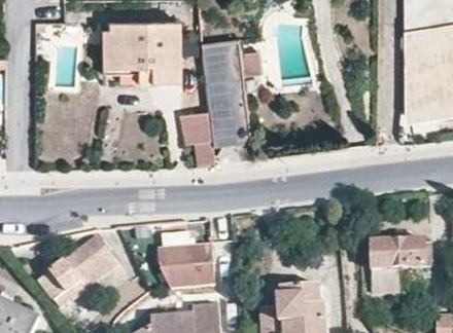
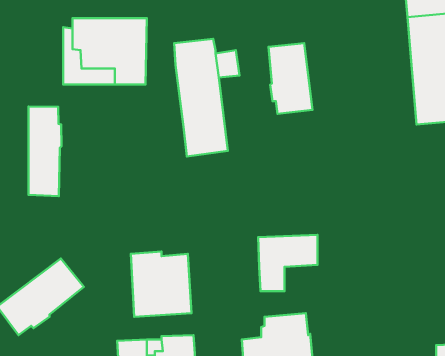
building: none -> [269,43,313,114]
building: none -> [29,106,61,196]
building: [187,118,213,162] -> none
building: [372,240,425,291] -> [258,235,318,291]

